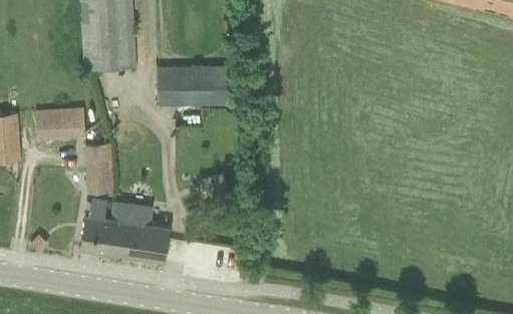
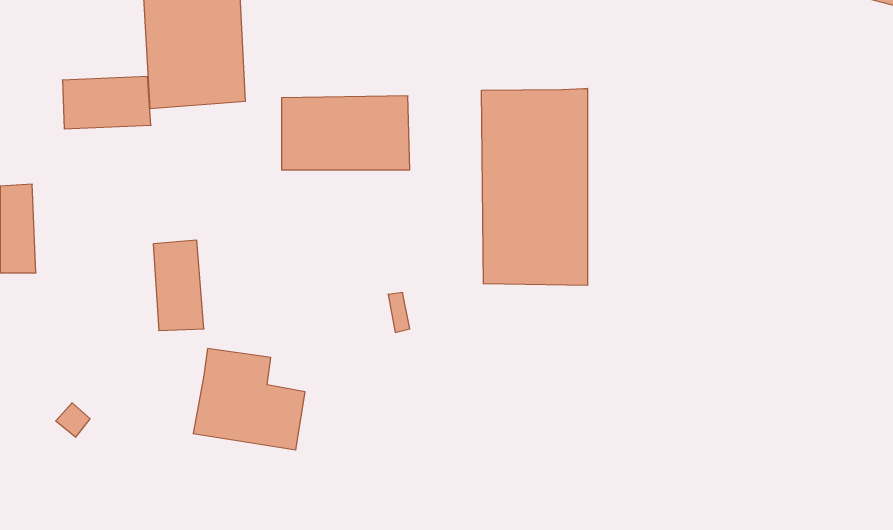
building: none -> [482,88,587,285]
building: [37,107,86,136] -> [62,77,151,129]
building: [79,200,113,252] -> none

